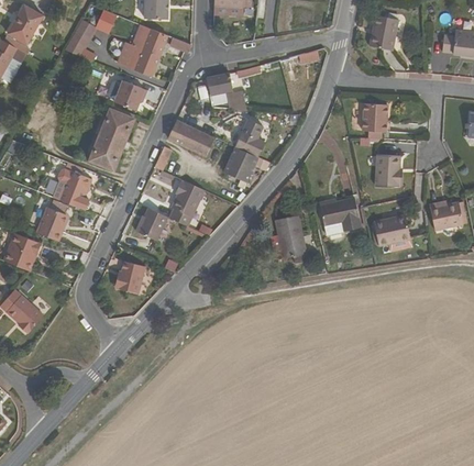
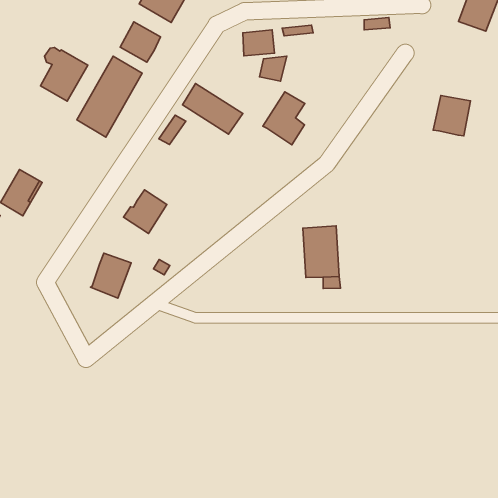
building: [222,147,256,184] -> none
building: [376,155,401,187] -> none
building: [57,168,91,208] -> [40,47,88,101]
building: [168,180,203,225] -> none
building: [319,198,361,234] -> none
building: [375,215,410,244] -> none

